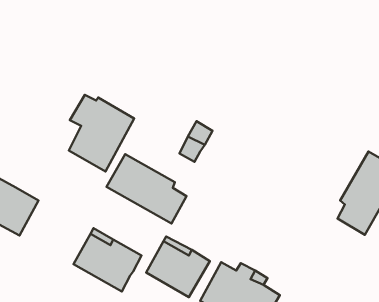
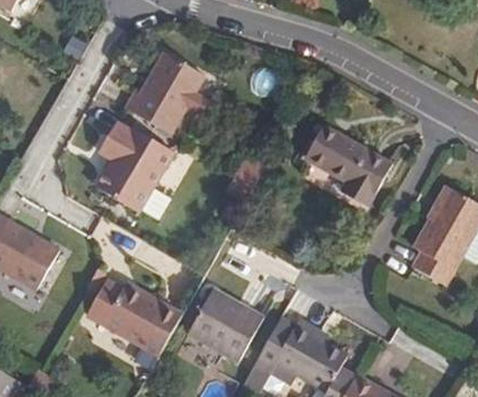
building: none -> [124,52,203,133]
building: none -> [302,129,388,210]
building: [107,154,187,224] -> none

